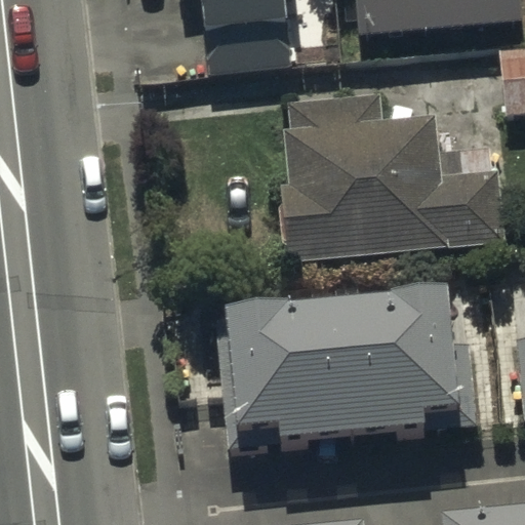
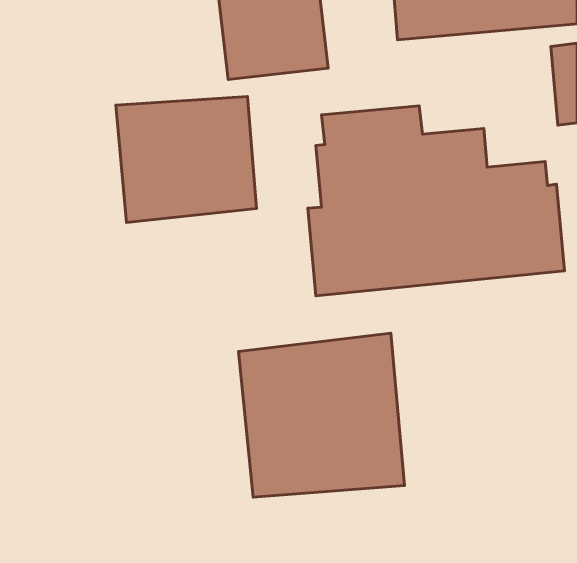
building: none -> [116,97,256,222]
building: [353,291,465,438] -> none

